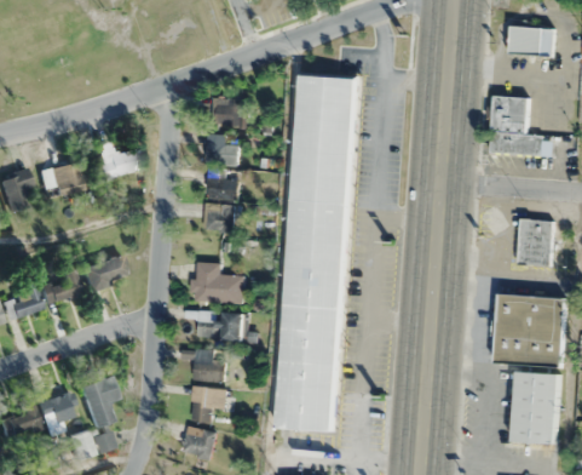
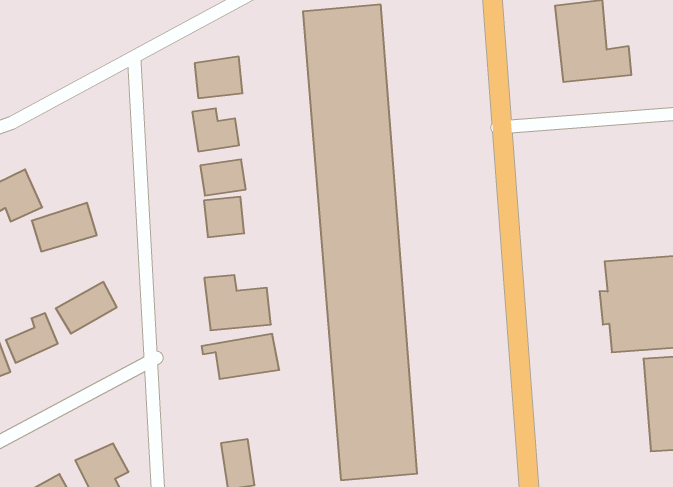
building: [91,147,138,178] -> [32,203,97,252]
building: [517,218,552,265] -> none
building: [181,349,224,380] -> none

